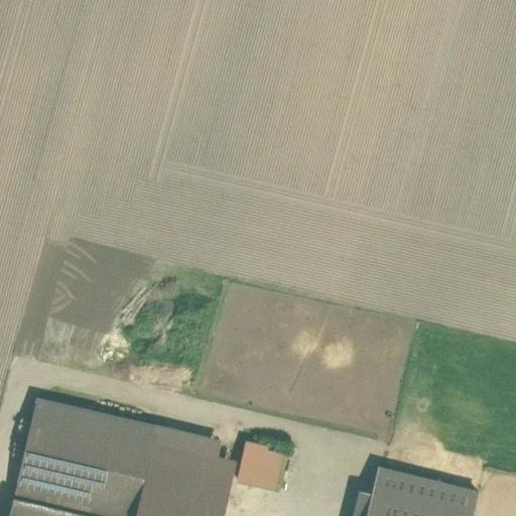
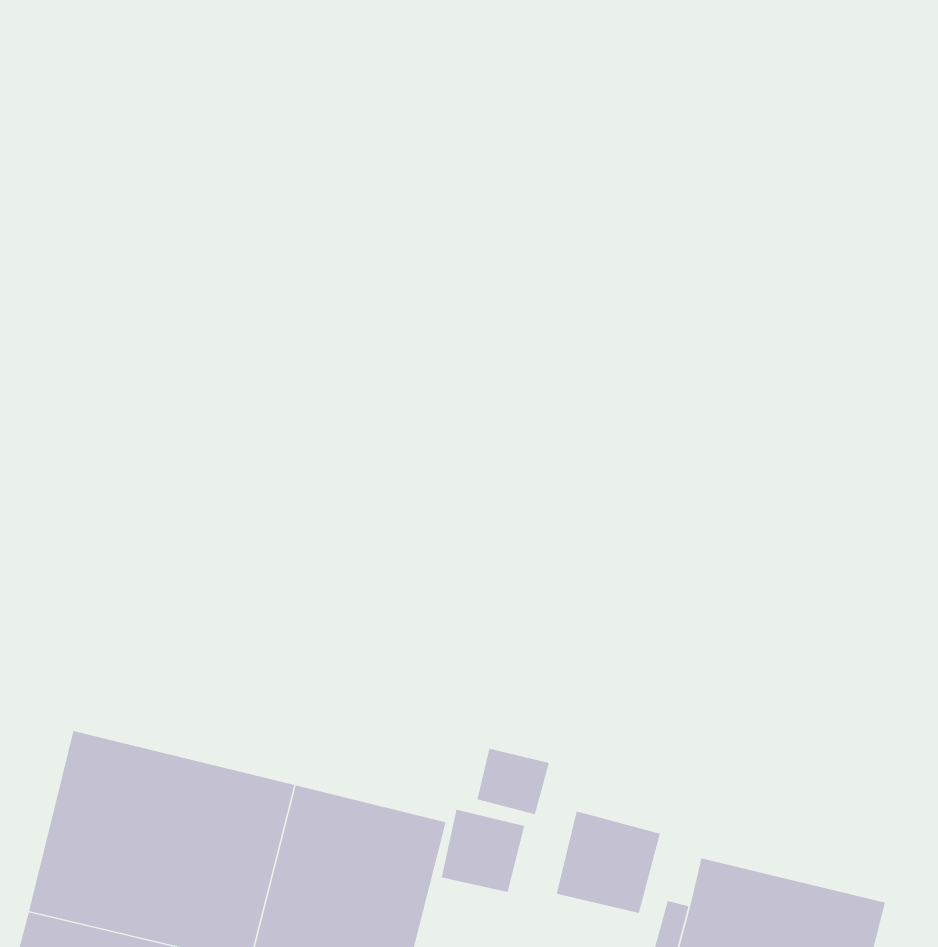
building: none -> [477,748,550,815]
building: none -> [556,810,661,914]

